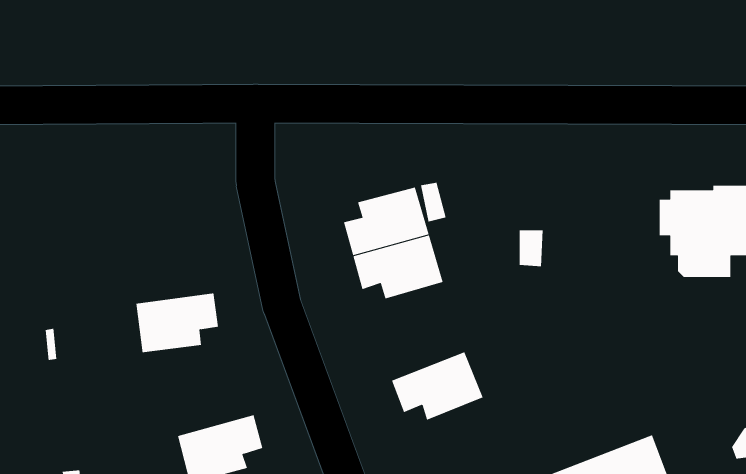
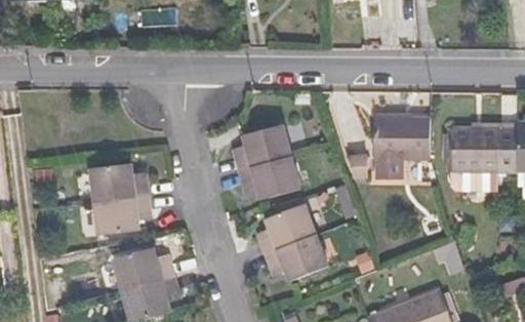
building: none -> [373,117,431,178]
building: none -> [90,164,148,203]
building: none -> [257,204,315,254]
building: none -> [114,248,174,291]

